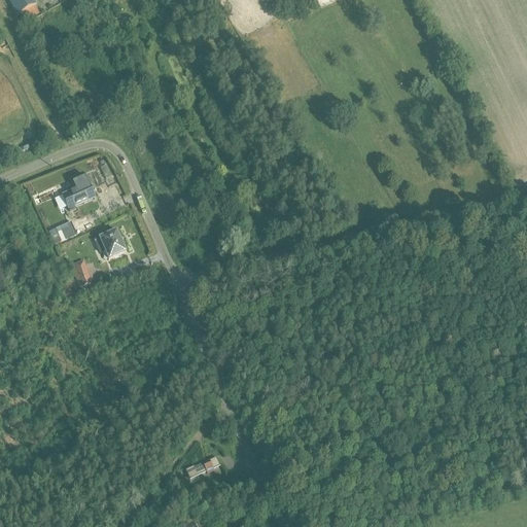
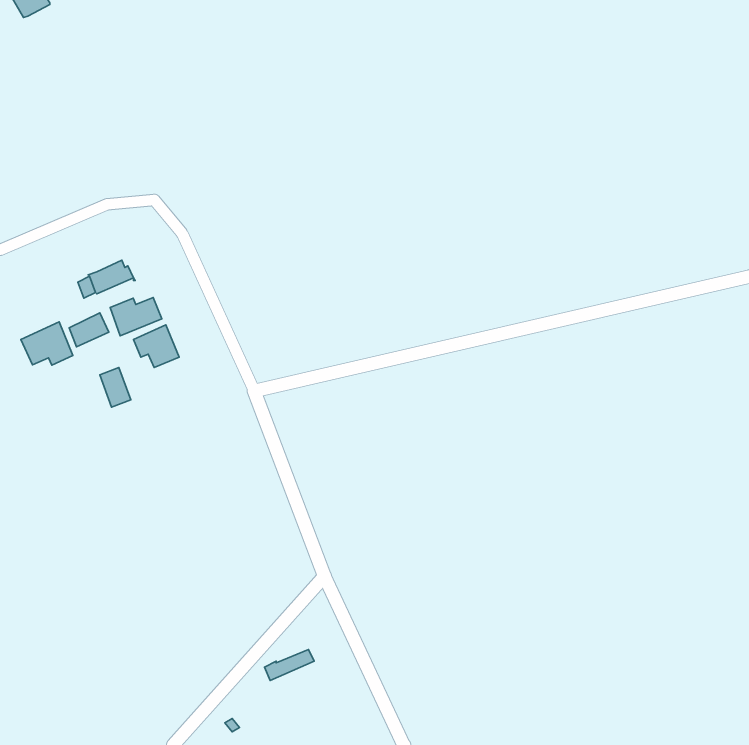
building: none -> [110,298,162,336]
building: none -> [21,322,73,365]

